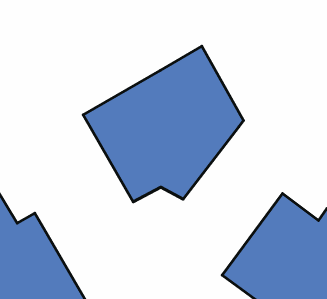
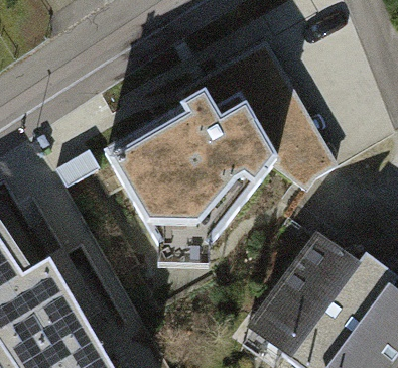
building: none -> [178,39,339,191]

